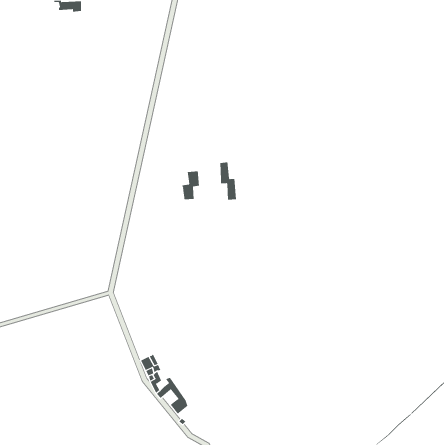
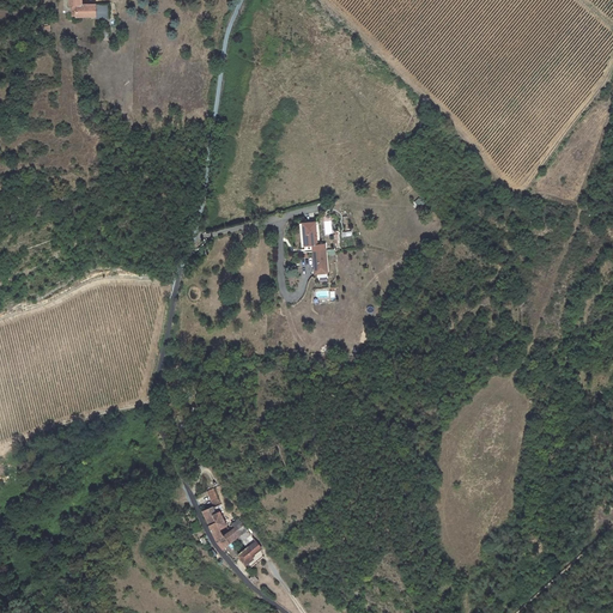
building: [182,171,199,200] -> none

